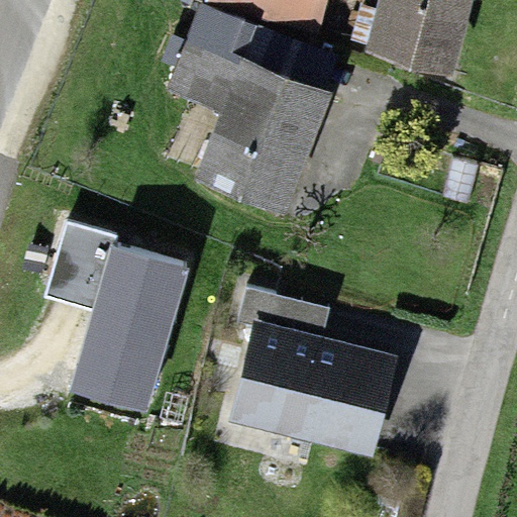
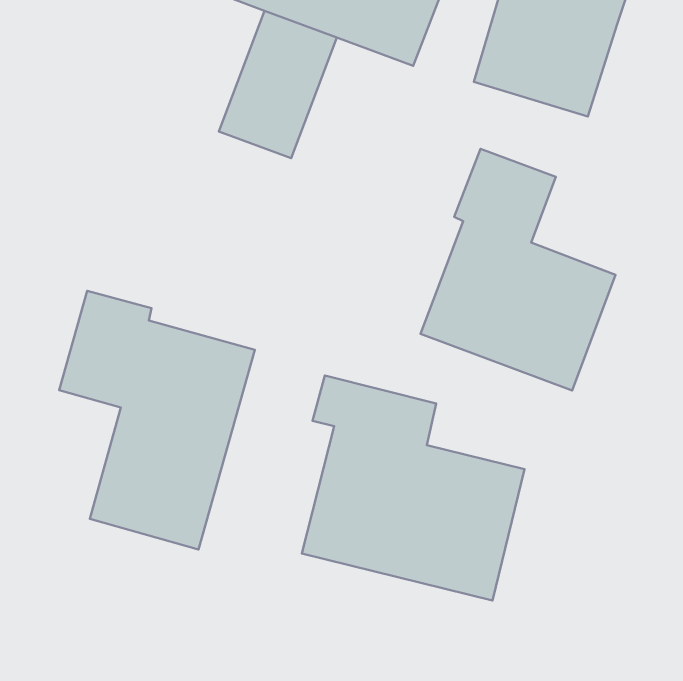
building: [196,77,318,217] -> none
building: none -> [420,149,615,391]

